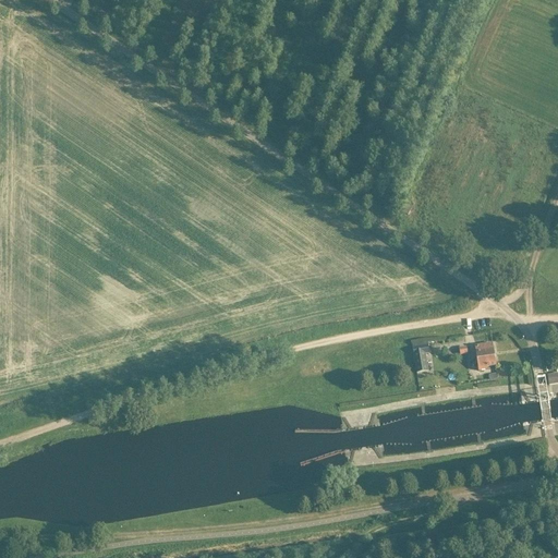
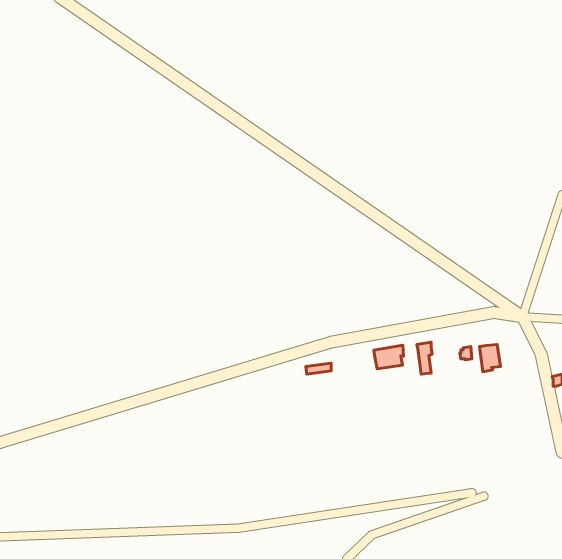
building: none -> [374,345,403,369]

